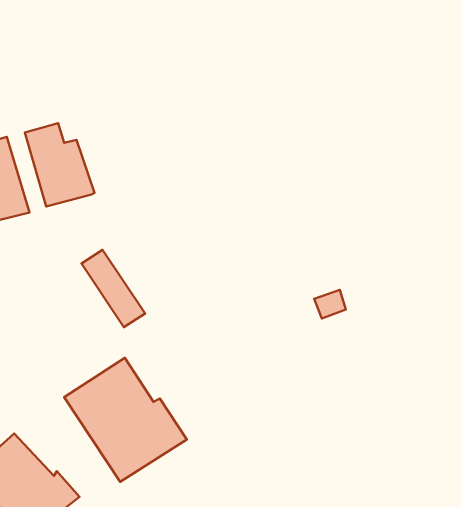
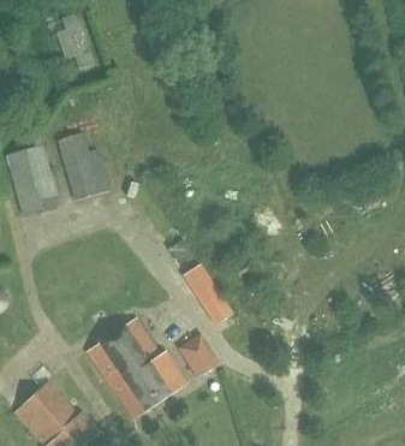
building: [81,250,145,327] -> [181,263,232,325]
building: none -> [175,332,220,377]

